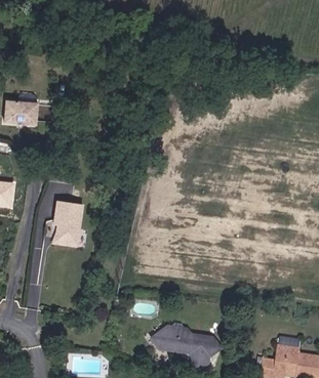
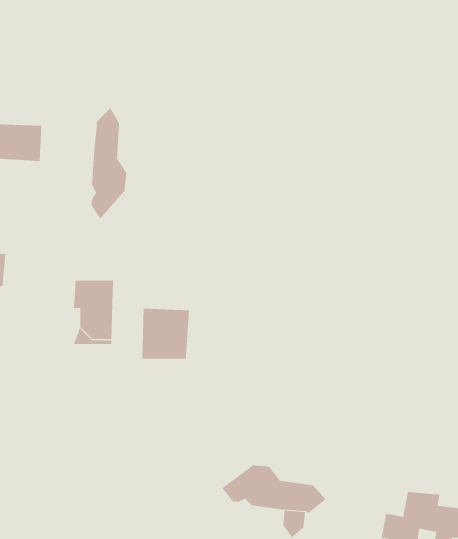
building: none -> [91,107,127,219]
building: none -> [142,308,189,360]

